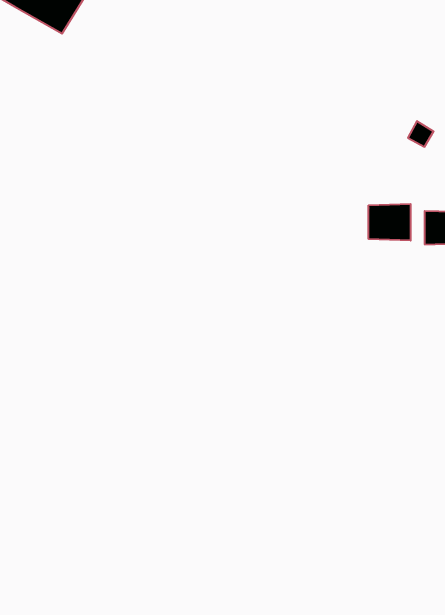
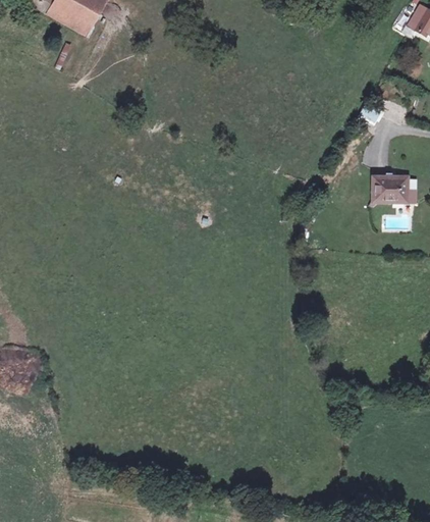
building: [369,204,411,241] -> none

